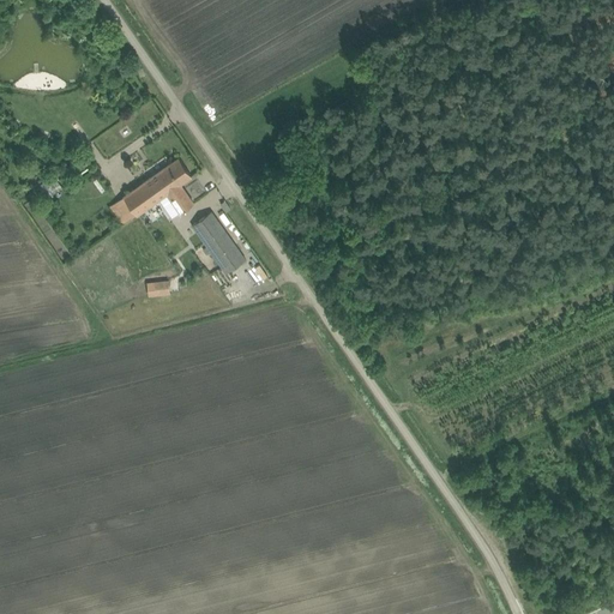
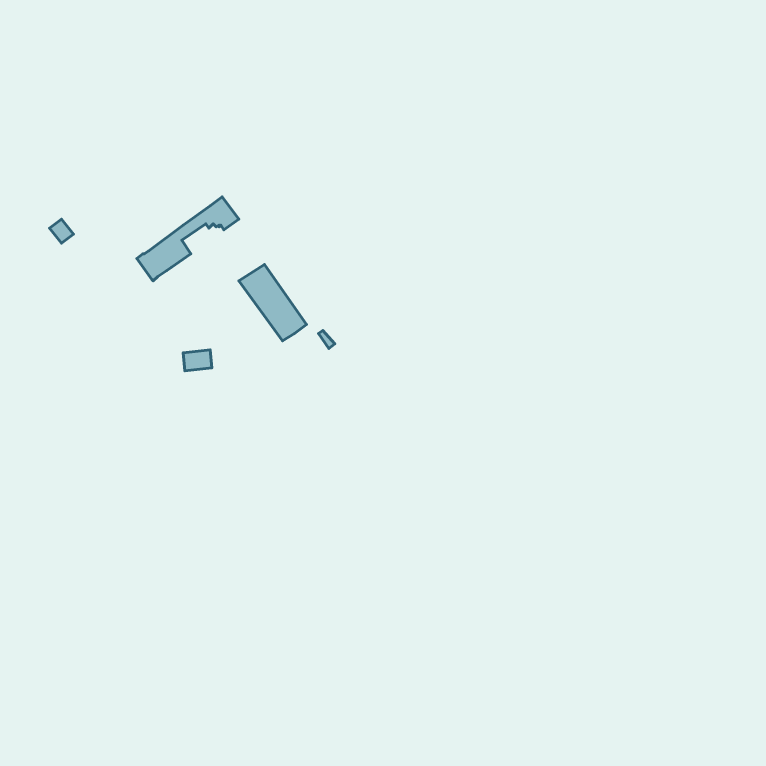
building: [145,180,193,213] -> none

